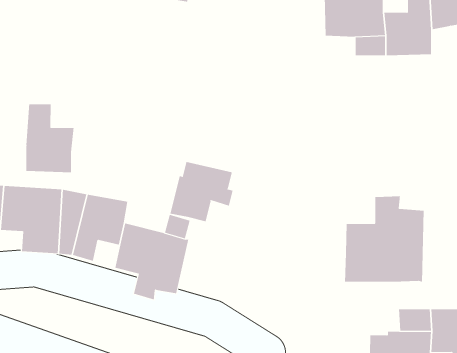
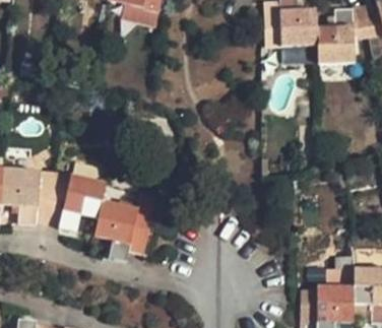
building: [26,104,74,173] -> none
building: [170,161,233,222] -> none
building: [345,195,424,283] -> none

